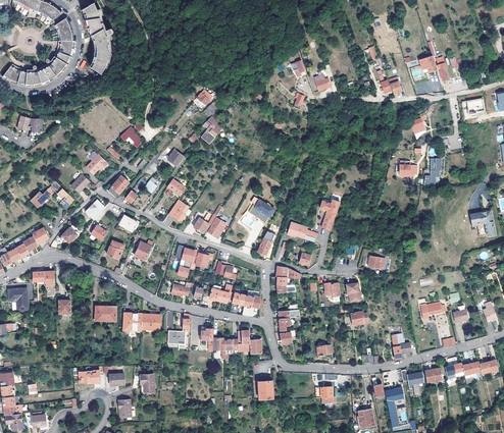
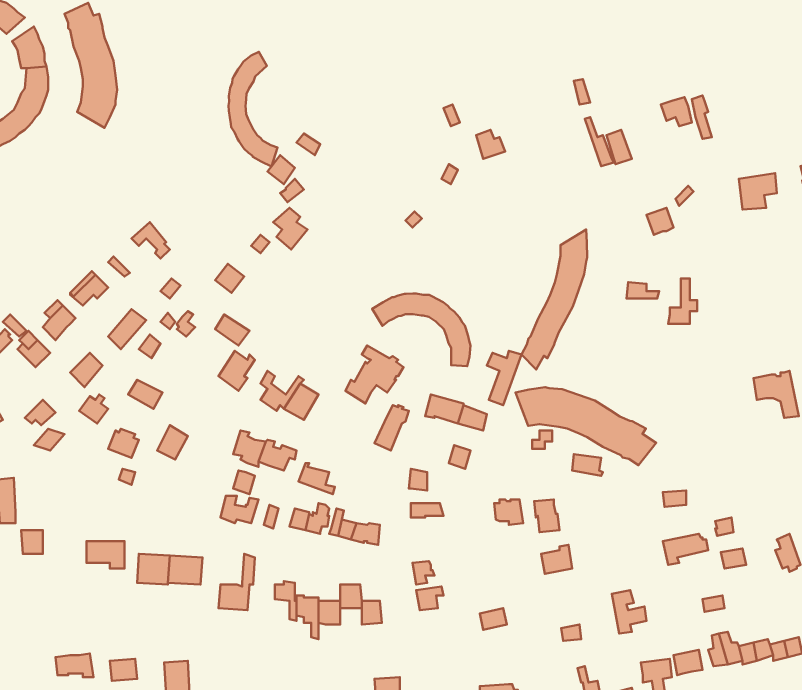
building: none -> [229,52,277,167]
building: none -> [521,230,587,369]
building: none -> [372,294,470,366]
building: none -> [515,387,656,465]

